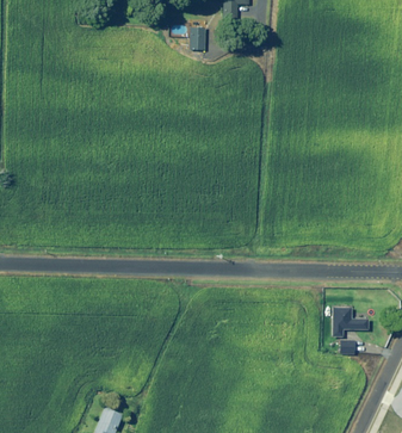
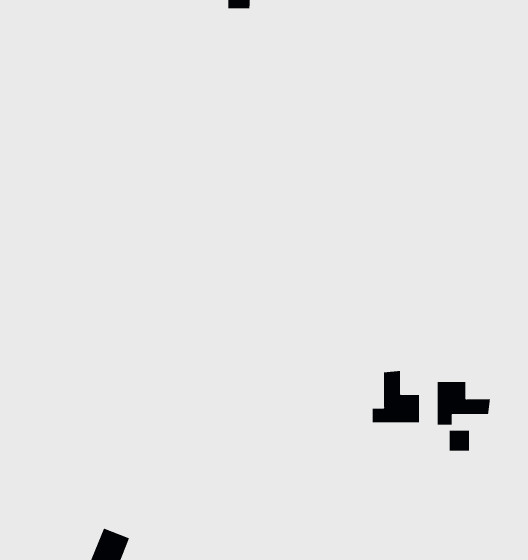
building: none -> [372,370,420,423]

